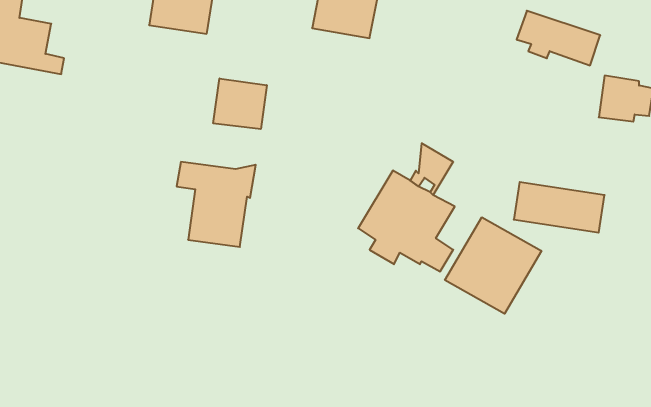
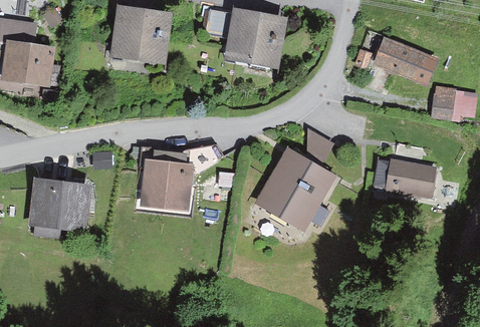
building: [213,78,267,129] -> none
building: none -> [35,184,86,225]
building: [445,217,541,314] -> none

